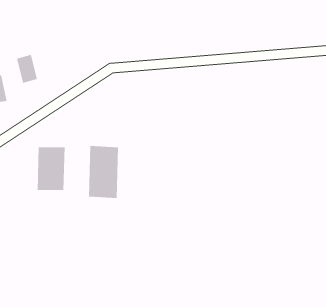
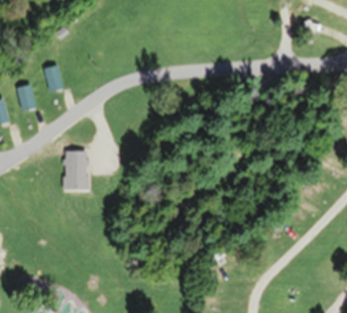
building: [89,145,119,199] -> none

